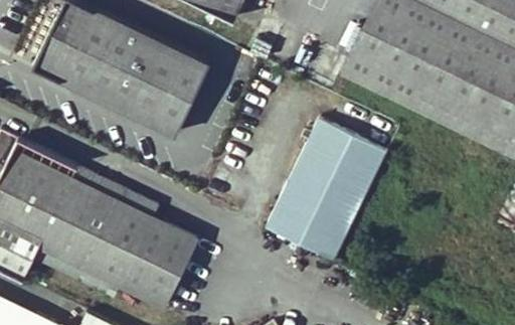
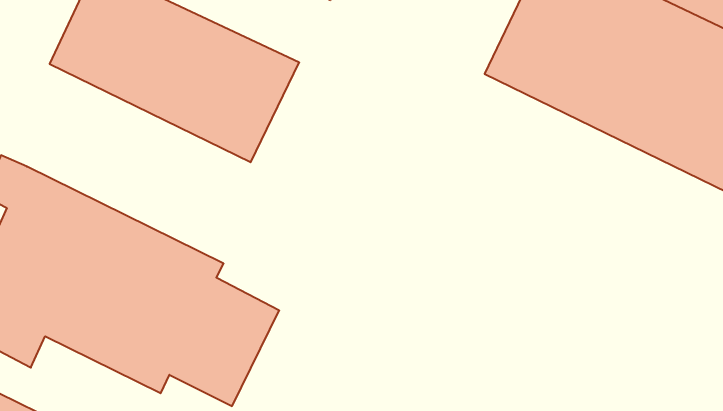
building: [267,122,387,264] -> none

